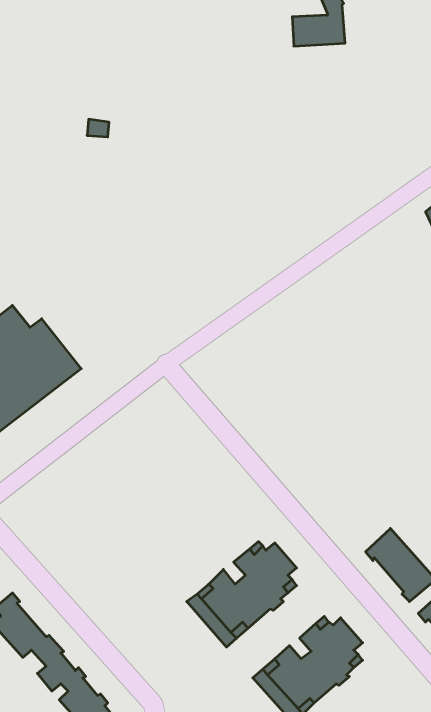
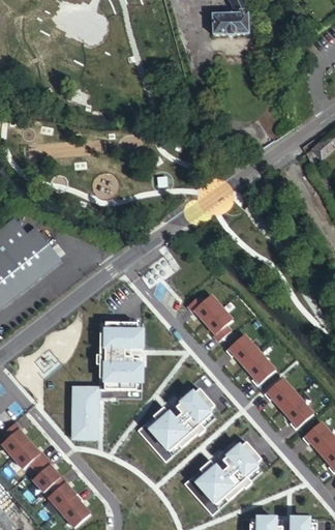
building: none -> [187,294,232,341]
building: none -> [96,322,143,388]
building: none -> [225,333,275,385]
building: none -> [73,387,100,437]

